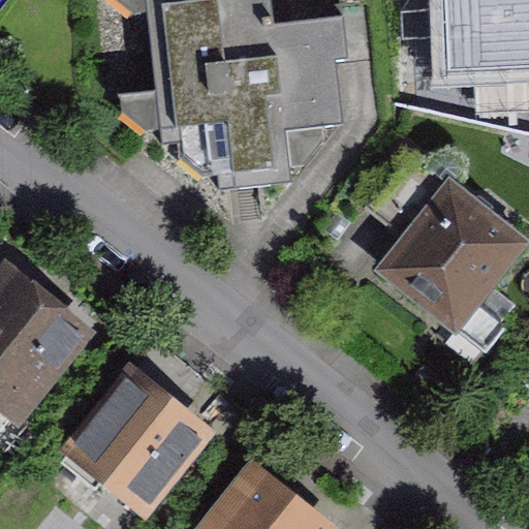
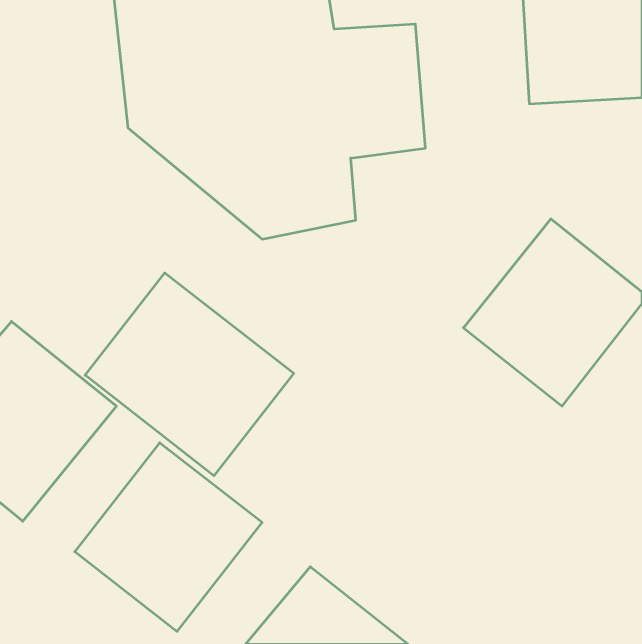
building: none -> [85,273,294,476]

